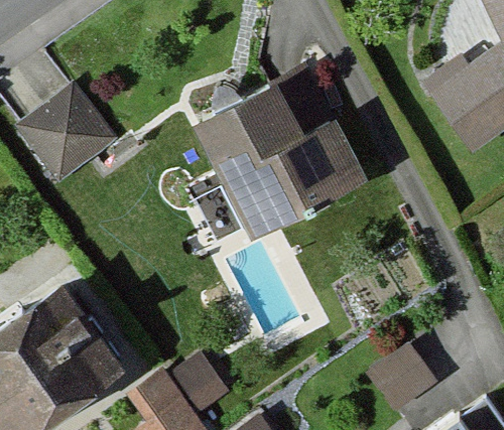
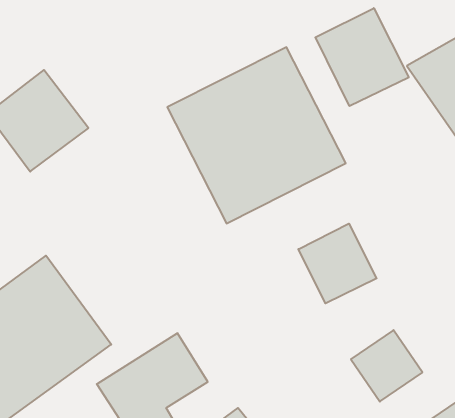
building: none -> [315,8,409,106]
building: none -> [298,224,377,303]

